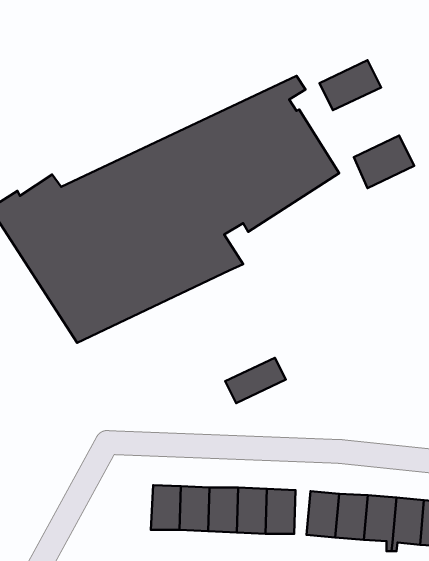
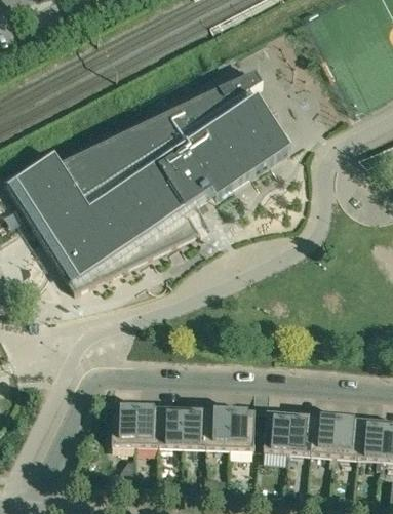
building: [319,60,381,110] -> none
building: [354,136,414,188] -> none
building: [225,358,286,403] -> none
building: none -> [112,406,137,443]

